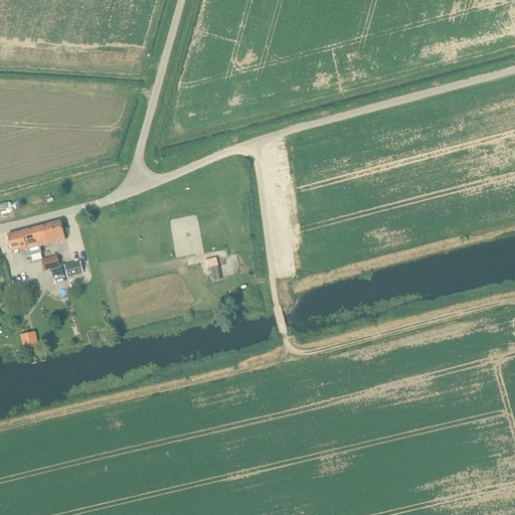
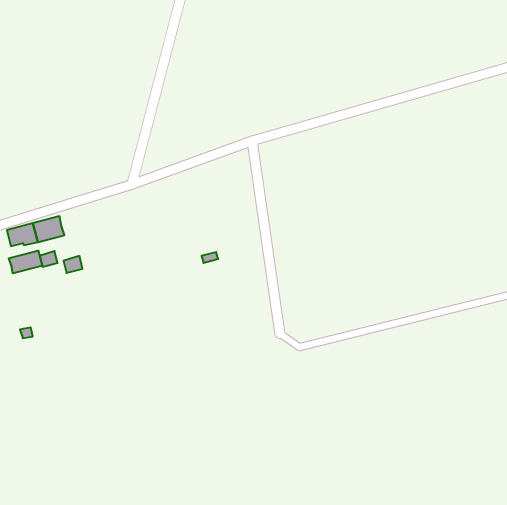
building: none -> [9,251,42,273]

